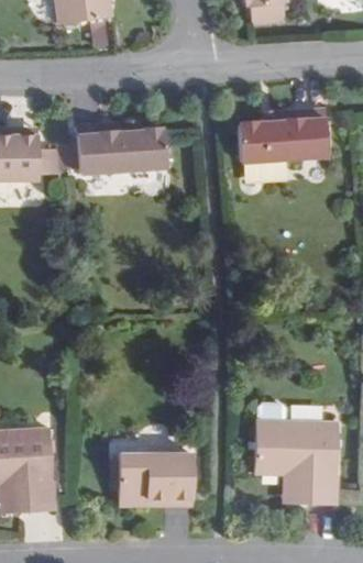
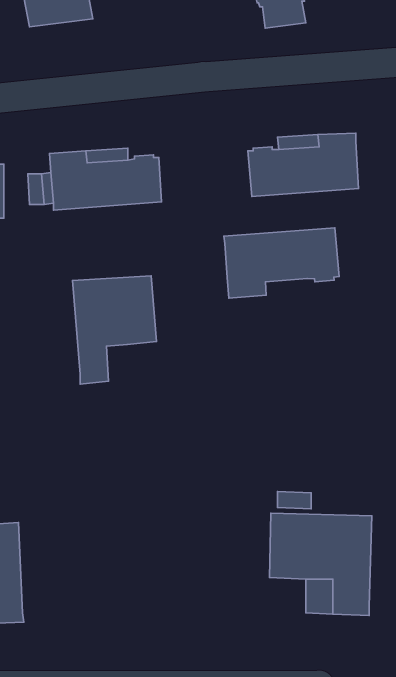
building: none -> [224,228,339,298]
building: none -> [73,276,157,384]
building: [118,454,193,506] -> none

